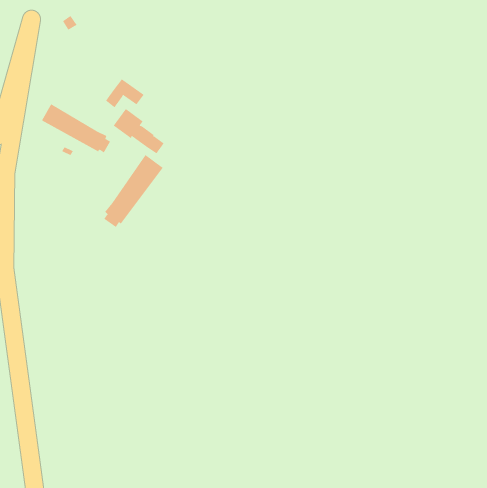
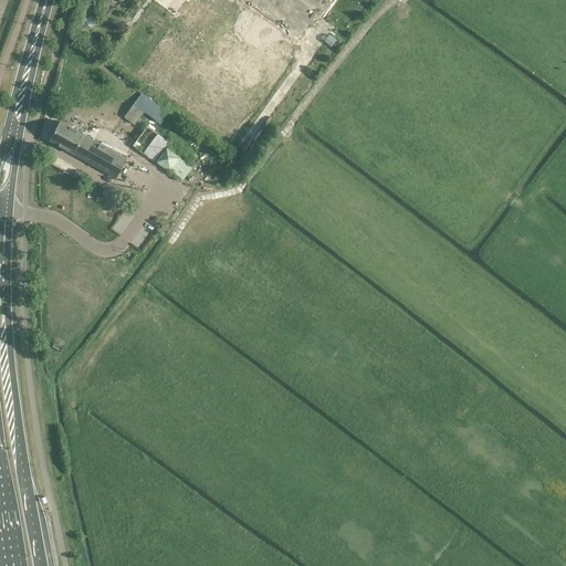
building: [104,154,163,228] -> none

